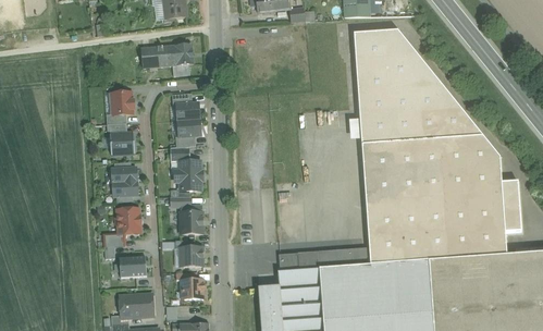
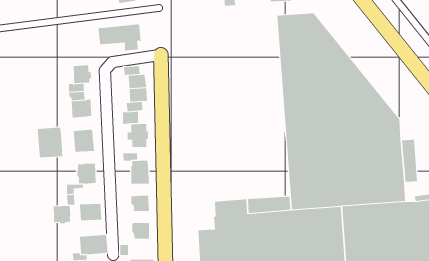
building: none -> [37,127,63,158]
building: none -> [53,205,71,224]

